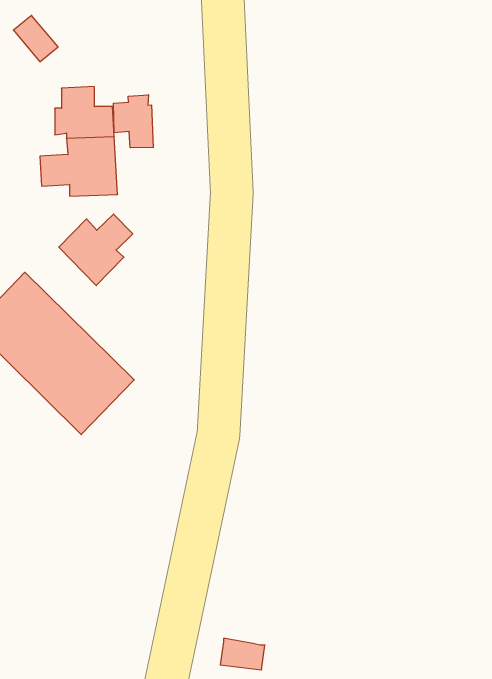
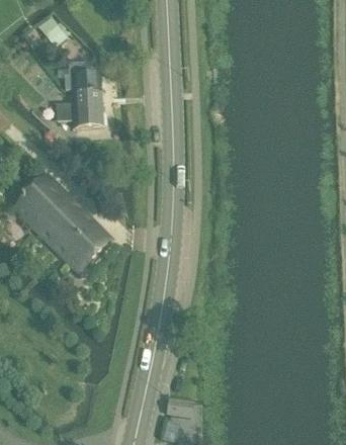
building: [113,95,153,148] -> none
building: [59,214,133,286] -> none

